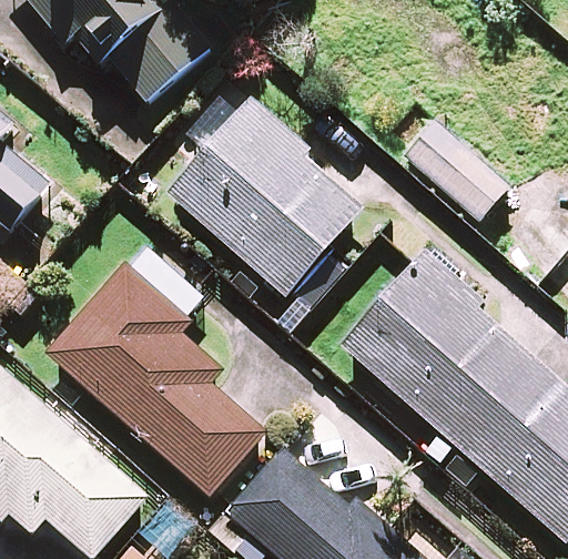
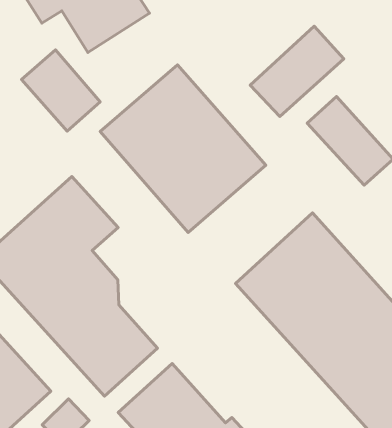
building: none -> [250,26,344,117]
building: none -> [21,50,100,131]

